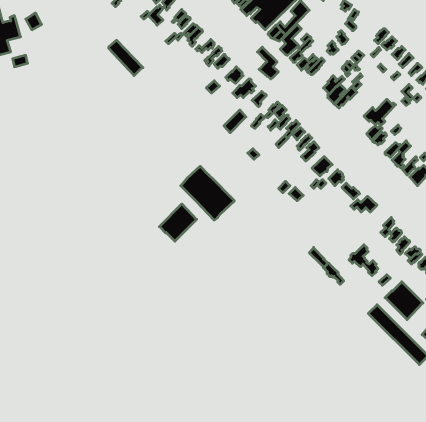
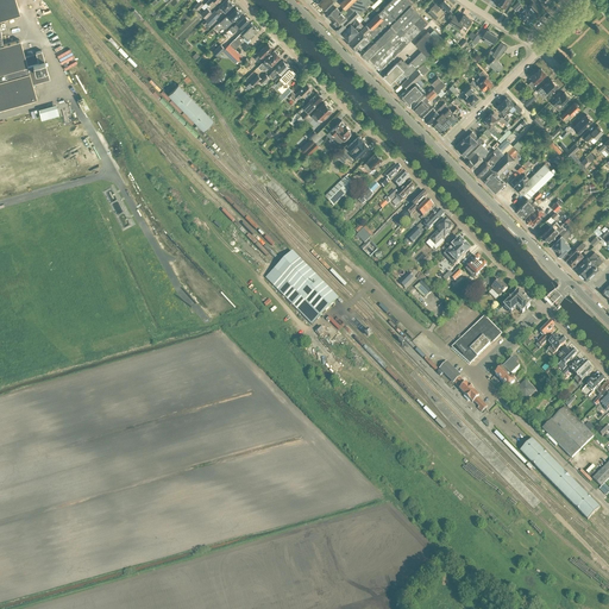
building: [257,47,278,79] -> none
building: none -> [484,145,516,189]
building: [159,204,197,241] -> none
building: none -> [452,316,501,364]

